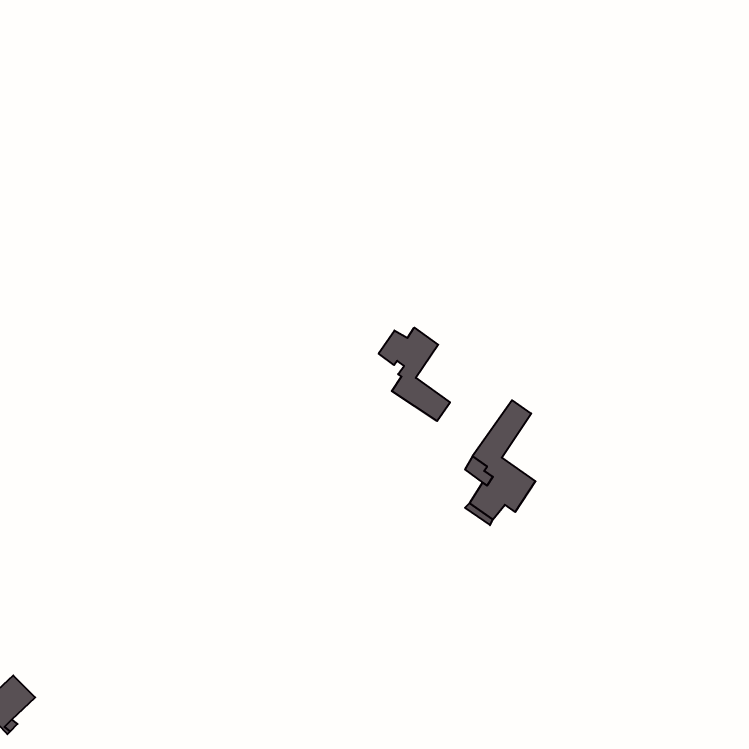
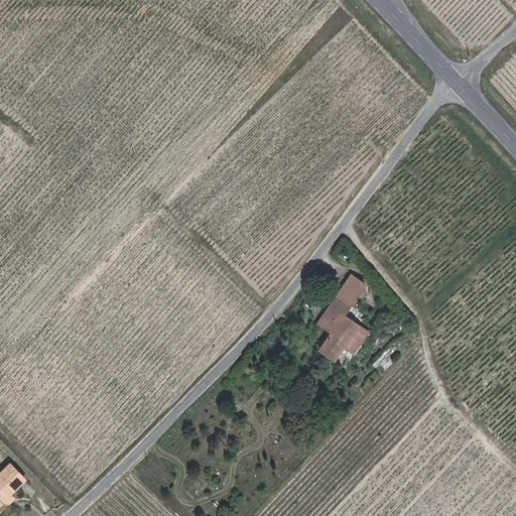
building: [379,328,450,421] -> none

